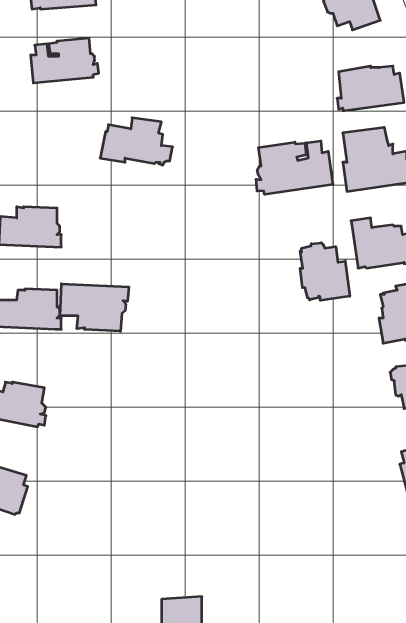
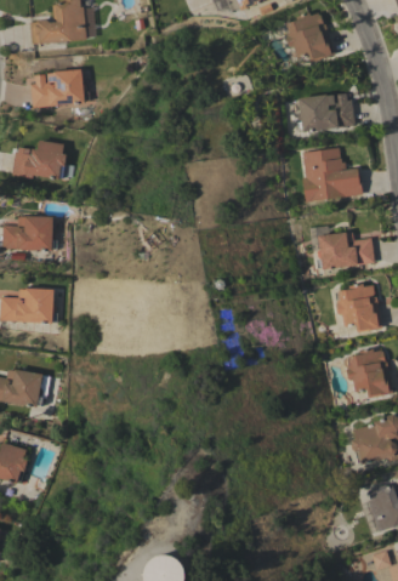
building: [100,118,173,165] -> [11,139,74,181]
building: [256,141,333,194] -> none
building: [300,243,350,300] -> none
building: [60,284,129,331] -> none

